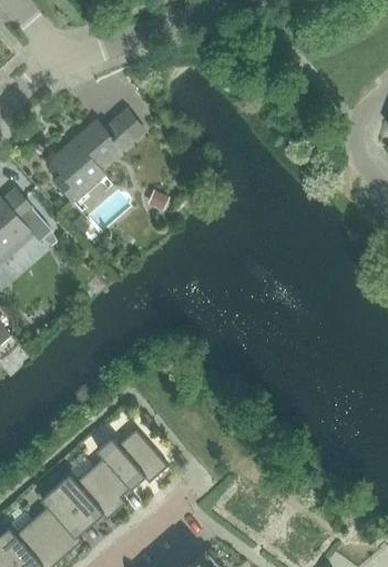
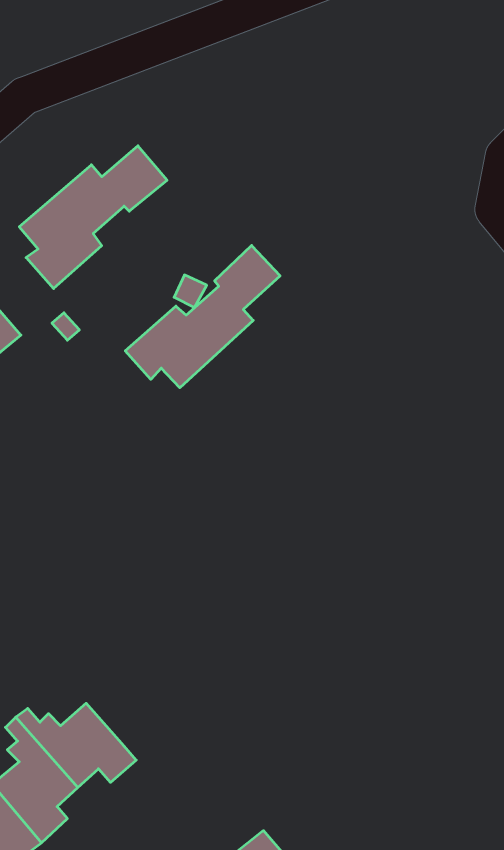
building: none -> [125,245,280,388]
building: [93,431,167,496] -> none

